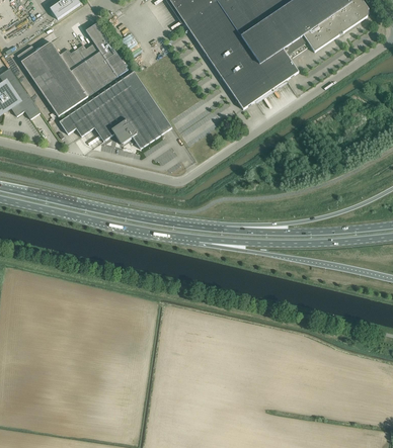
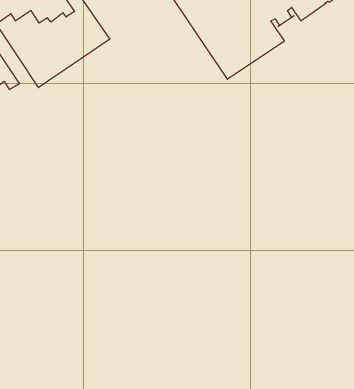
building: [59,71,171,149] -> none

